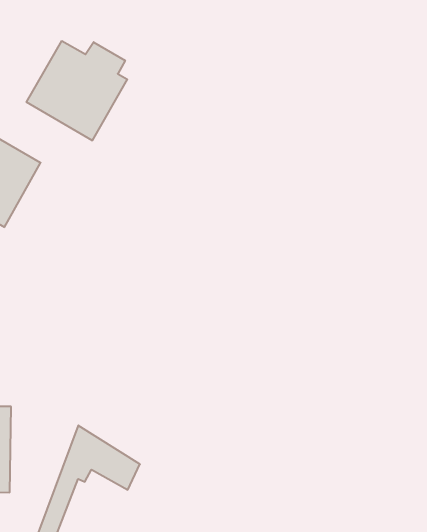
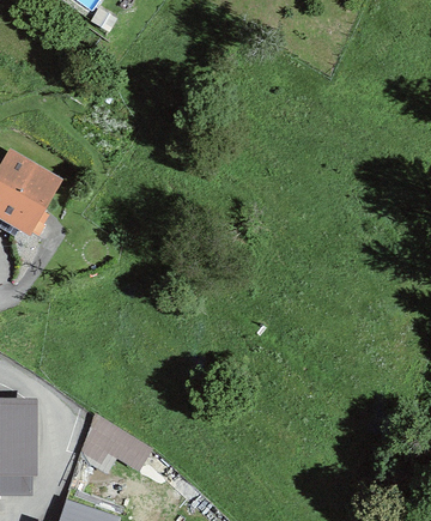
building: [27,41,127,141] -> none

